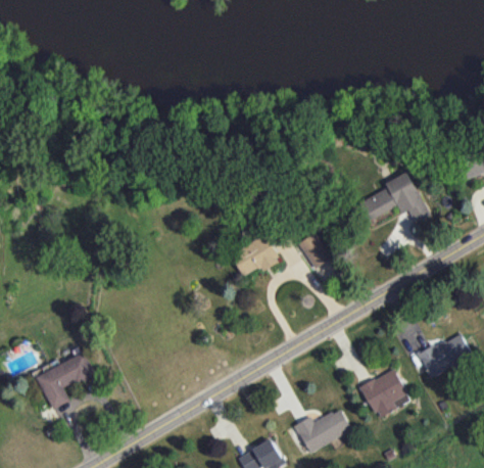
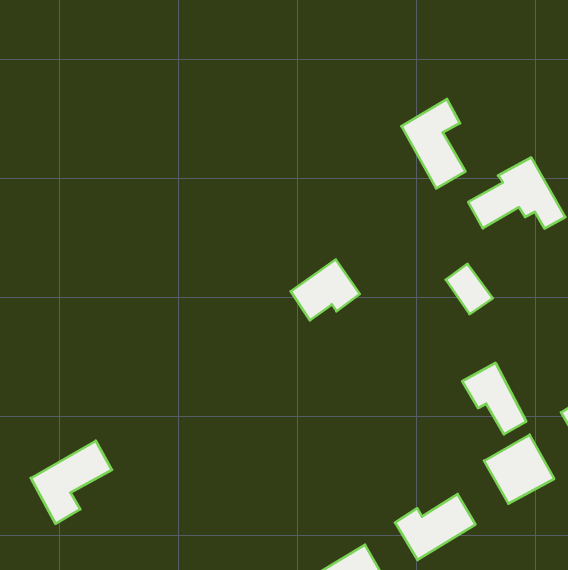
building: none -> [401,99,465,188]
building: [298,233,331,269] -> [446,264,493,314]
building: none -> [462,363,526,434]

